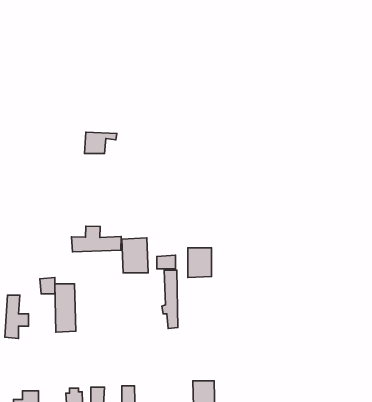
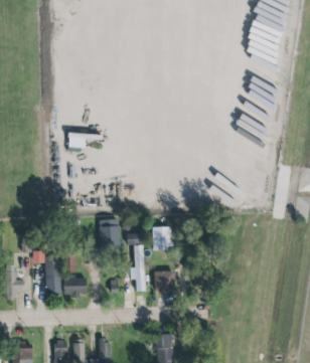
building: [71,226,121,252] -> none
building: none -> [154,270,175,292]
building: none -> [65,275,88,296]

